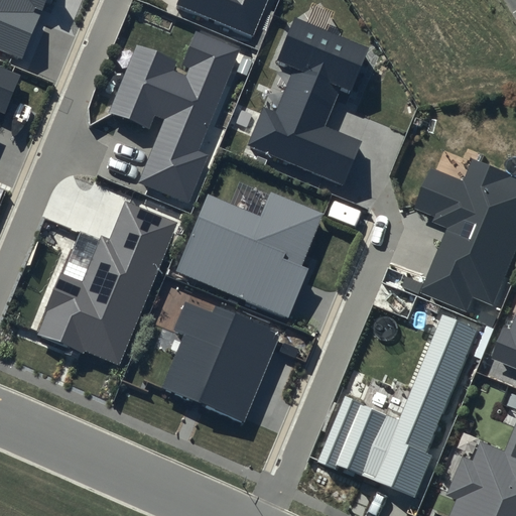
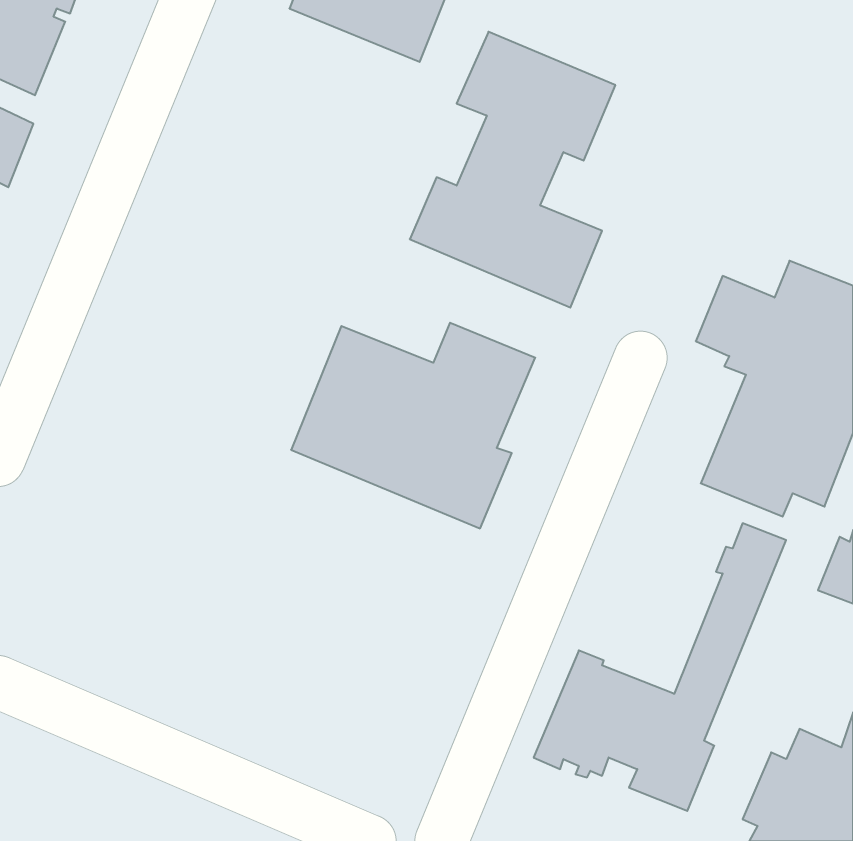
building: [108,30,239,203] -> none
building: [37,202,176,363] -> none
building: [161,302,281,423] -> none

